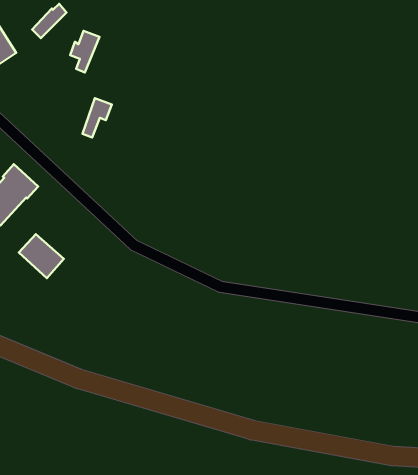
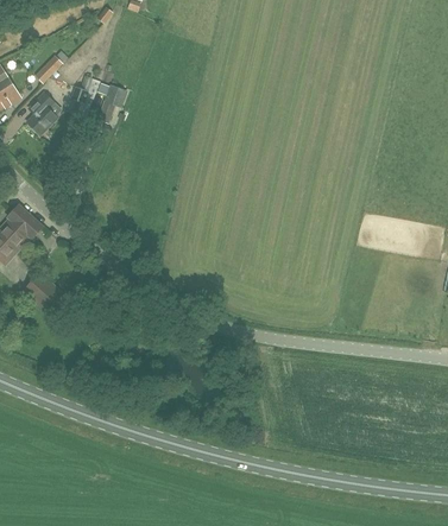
building: none -> [26,91,57,134]
building: [83,98,112,137] -> [97,84,126,122]

